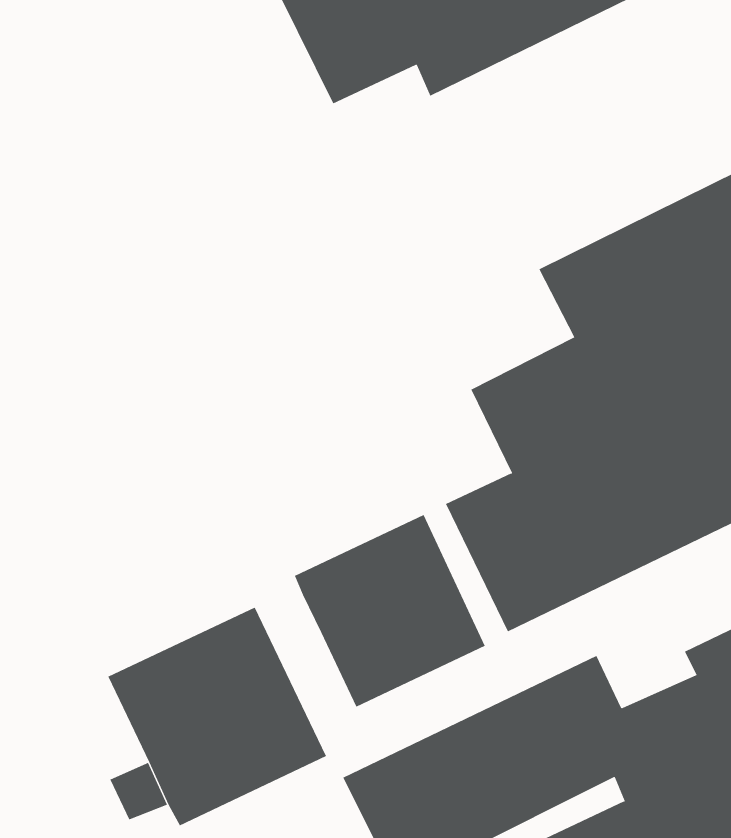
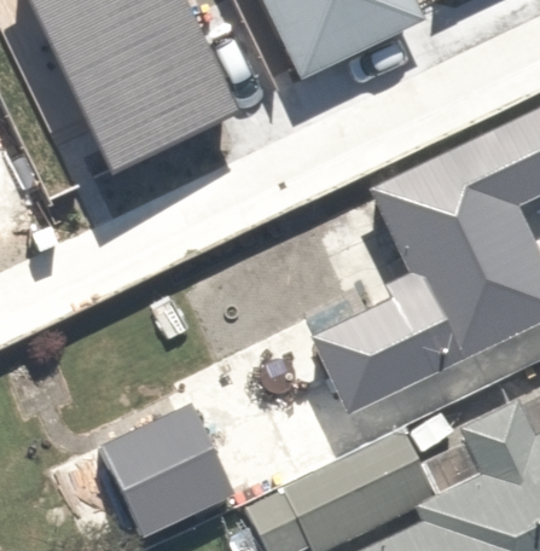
building: none -> [71,37,184,147]
building: [294,514,486,708] -> none

